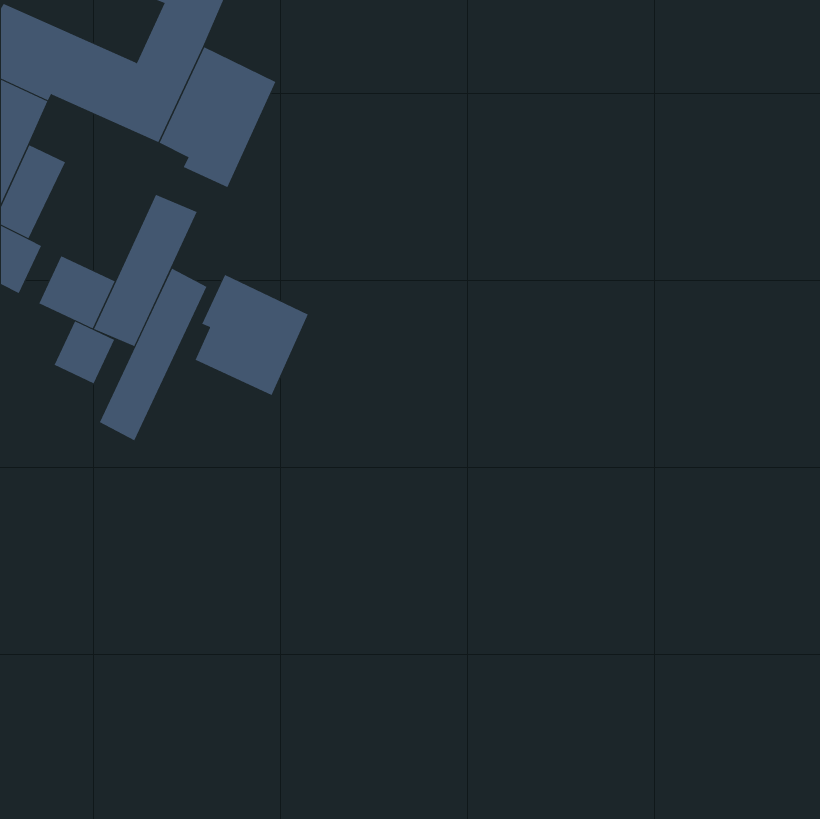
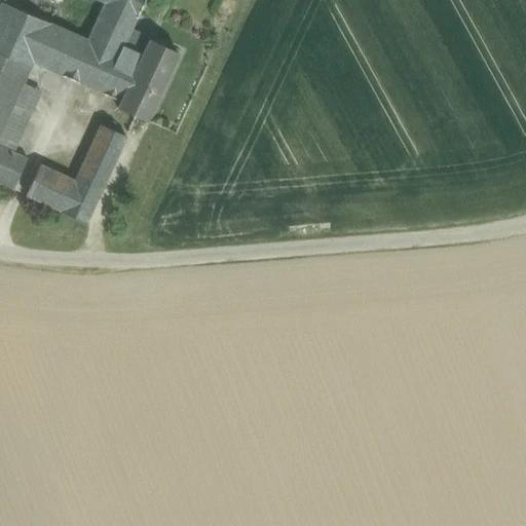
building: [99,268,207,441] -> none
building: [195,274,308,396] -> none
building: [54,321,115,384] -> none

